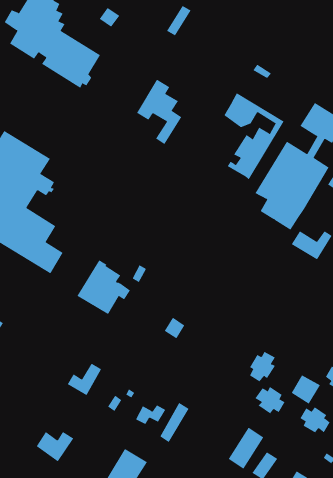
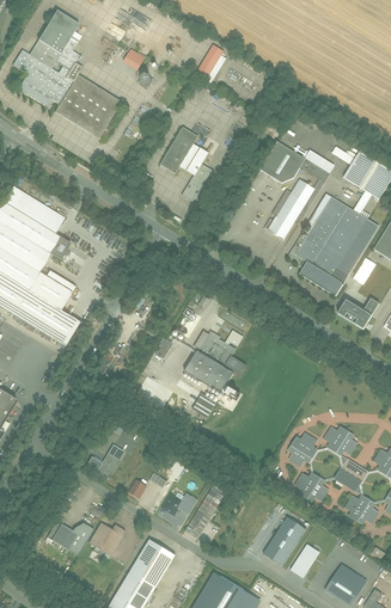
building: [76,259,131,315] -> [185,330,246,392]
building: none -> [323,425,358,455]
building: none -> [91,522,123,552]

